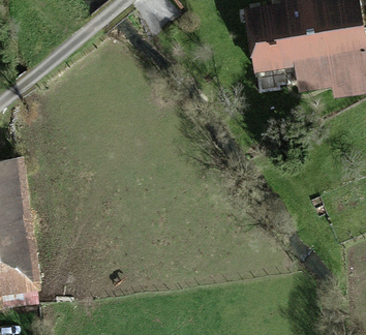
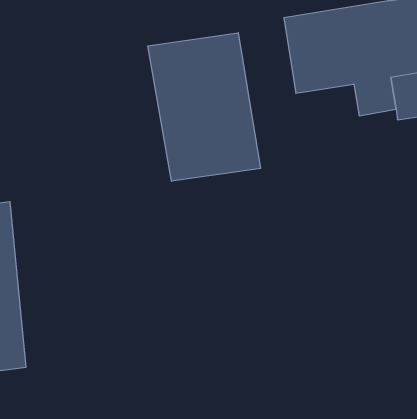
building: none -> [148,33,261,181]

